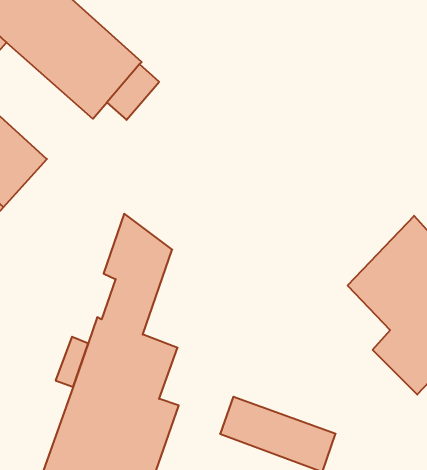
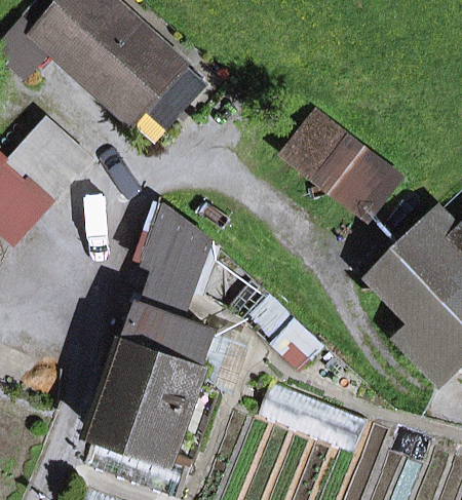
building: none -> [284,109,401,215]

